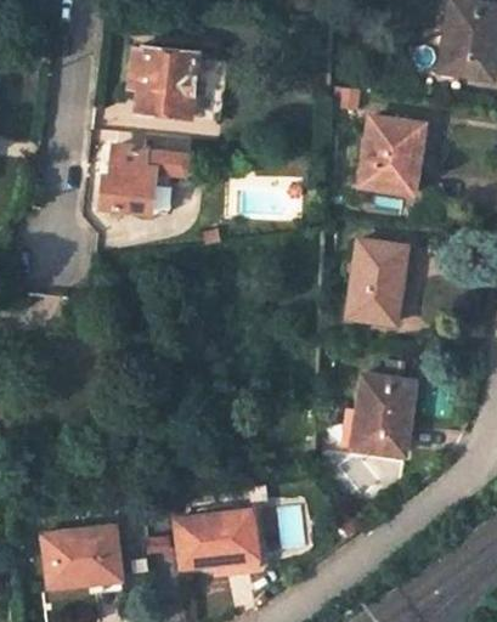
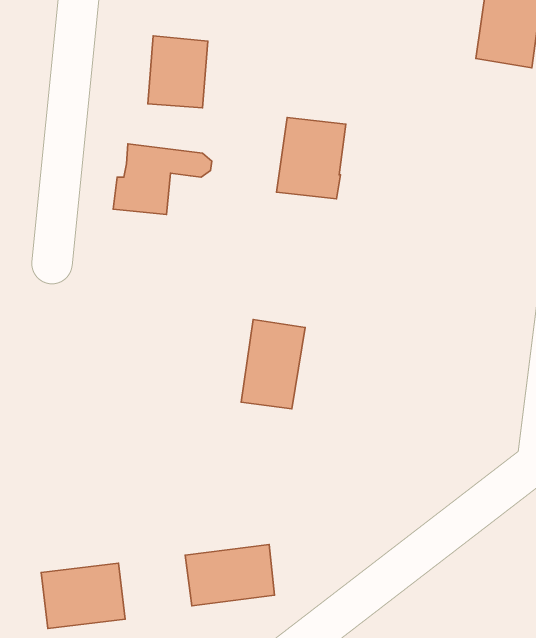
building: [360,118,423,192] -> [277,117,346,199]
building: [346,242,405,323] -> [241,319,305,409]
building: [352,378,412,453] -> none

